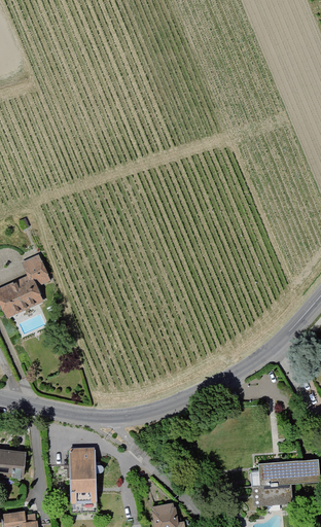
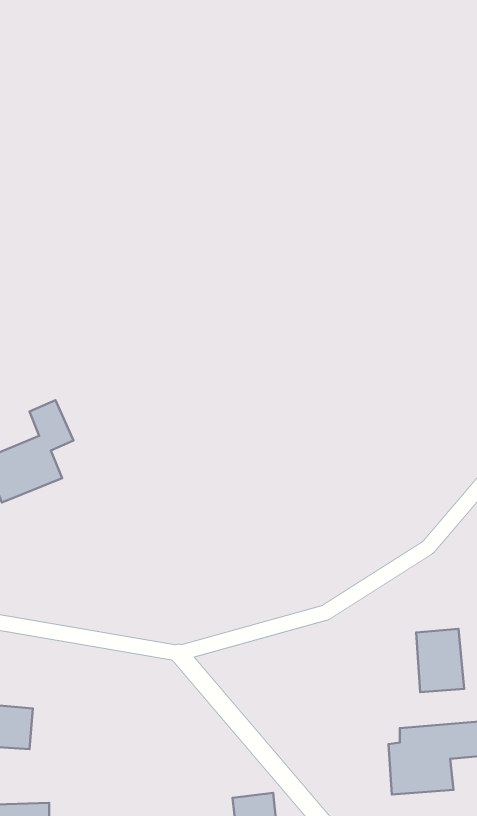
building: none -> [416,629,464,692]
building: [69,447,95,510] -> none

